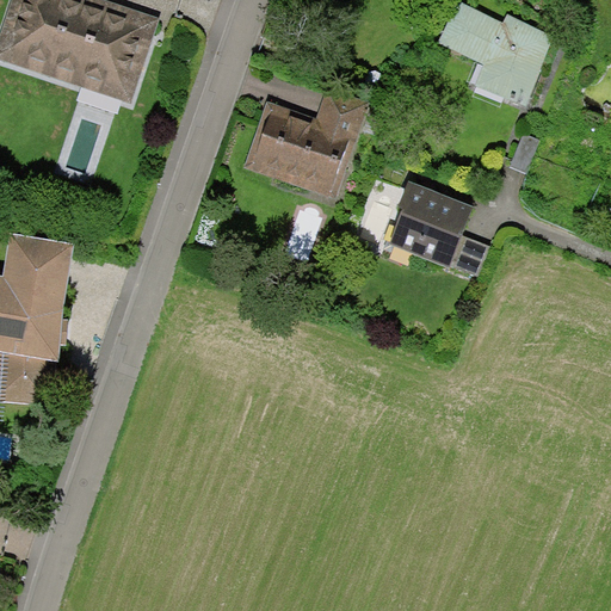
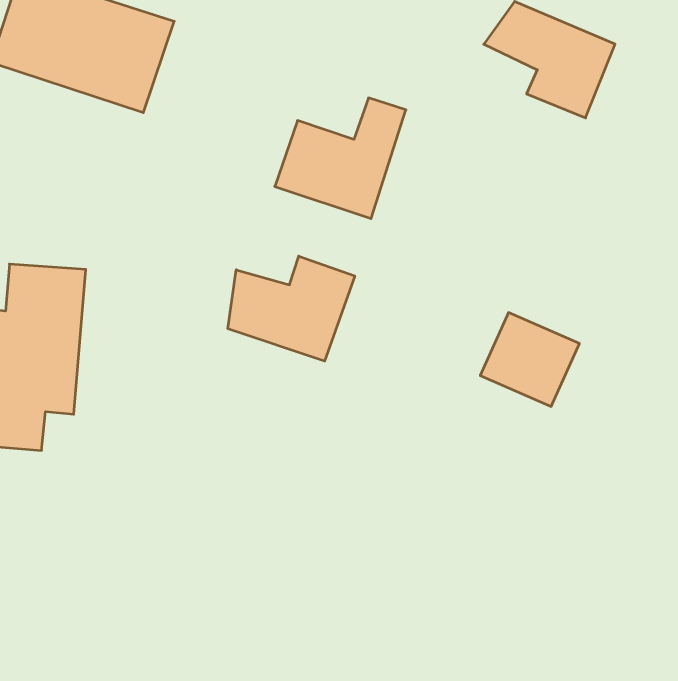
building: [384,184,473,267] -> [480,313,579,406]
building: none -> [228,256,355,361]

